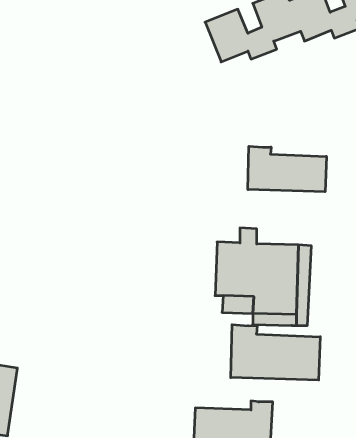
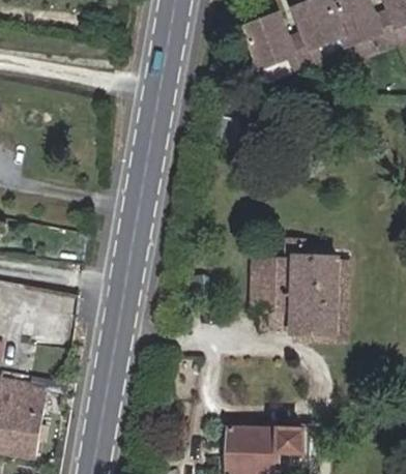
building: [248,146,326,192] -> none
building: [231,325,320,380] -> none

